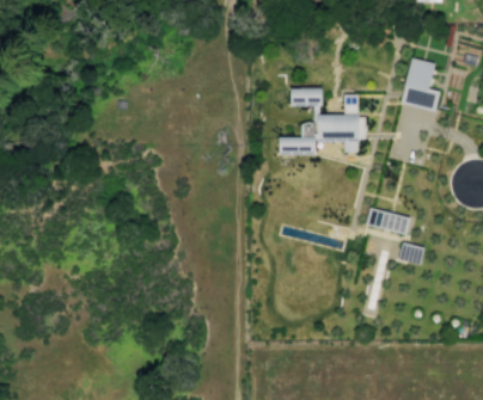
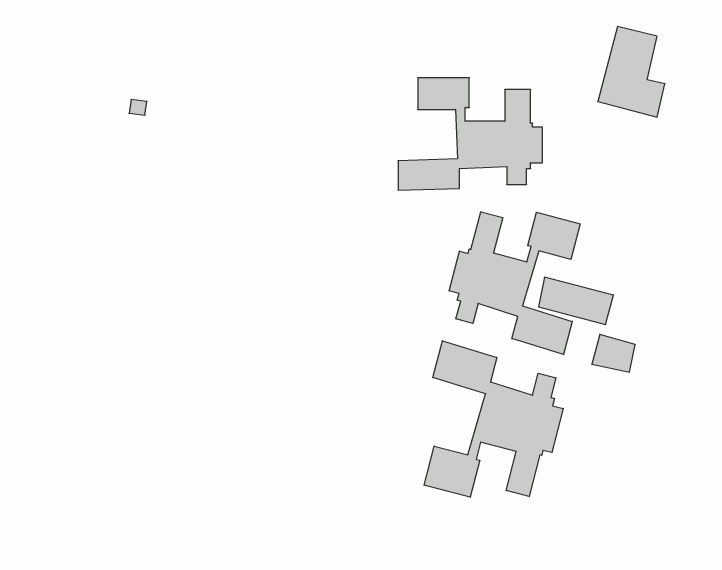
building: none -> [449,212,580,355]
building: none -> [424,341,563,497]

